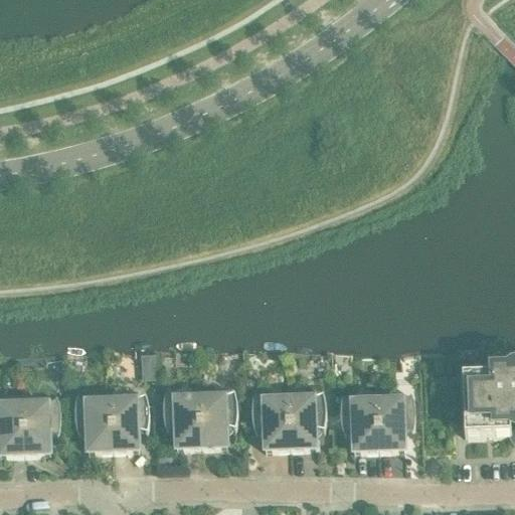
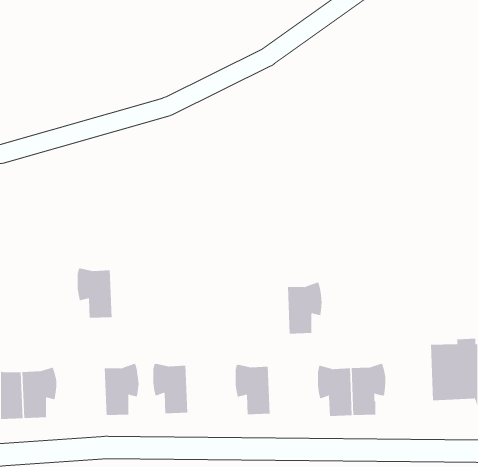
building: [200,387,238,445] -> none
building: [289,388,327,446] -> [287,281,323,334]
building: [75,393,114,449] -> [77,267,112,318]

